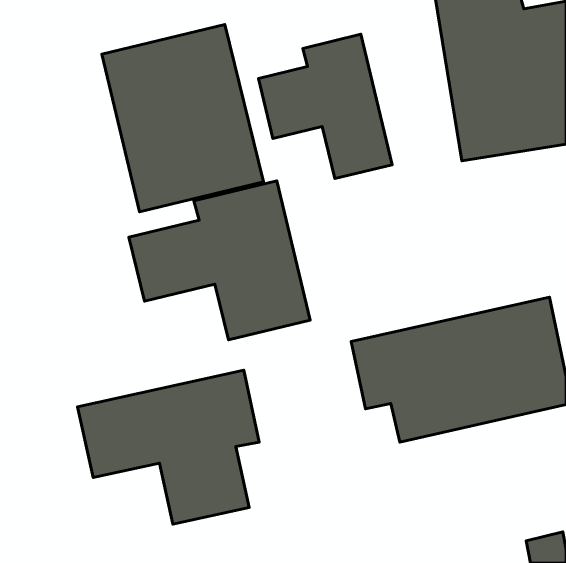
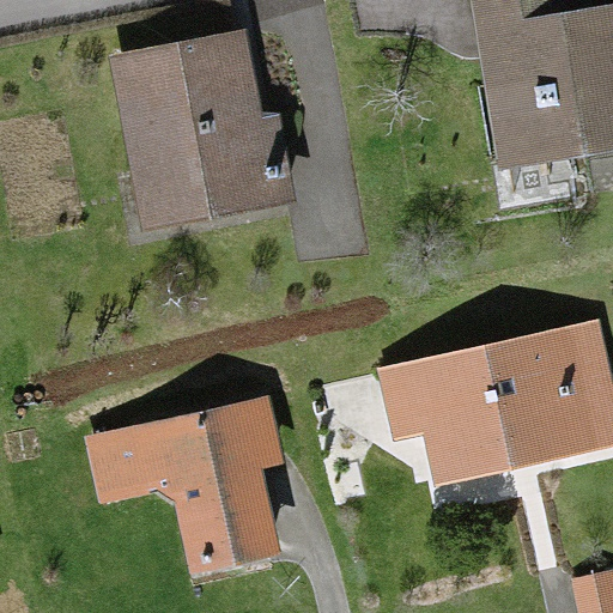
building: [258,34,392,179] -> none
building: [129,181,310,340] -> none

